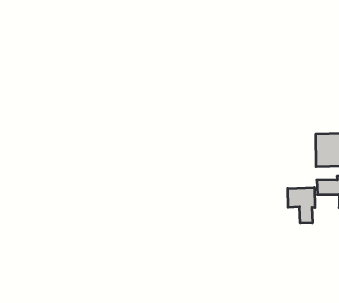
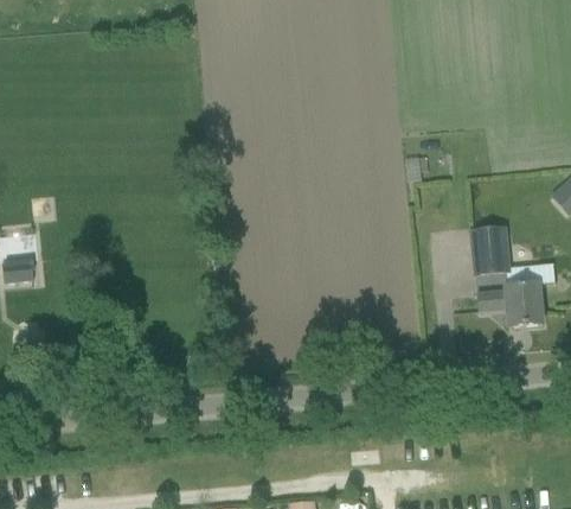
building: [288,187,315,223] -> none

